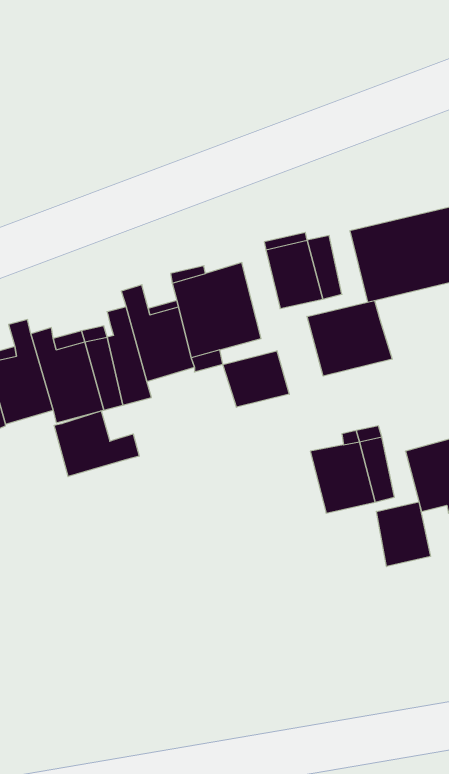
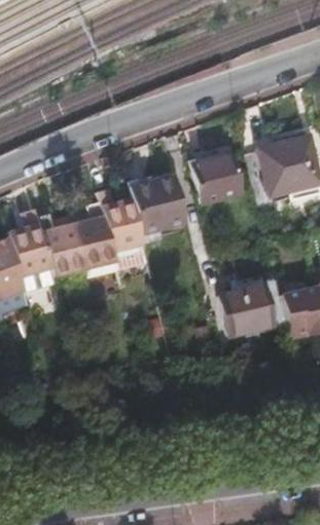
building: [307,301,392,376] -> none
building: [223,351,289,407] -> none
building: [54,411,139,477] -> none
building: [376,502,430,567] -> none

